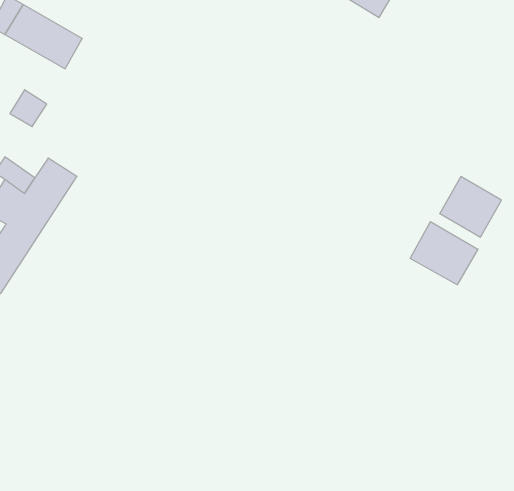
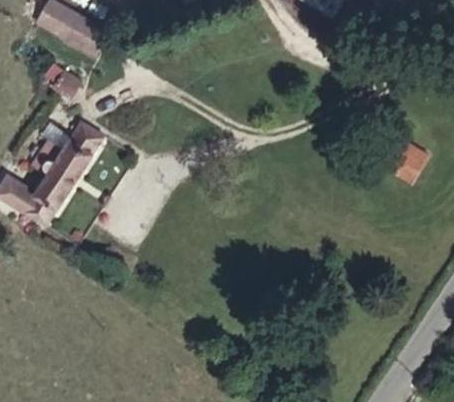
building: [410,222,478,285] -> none

